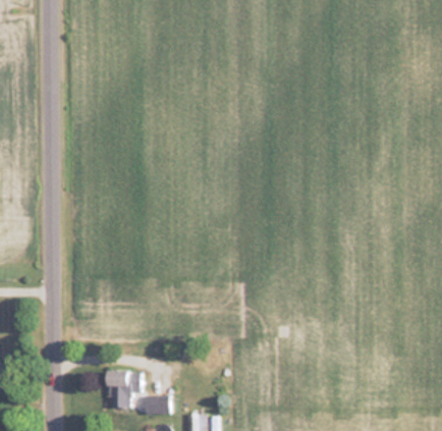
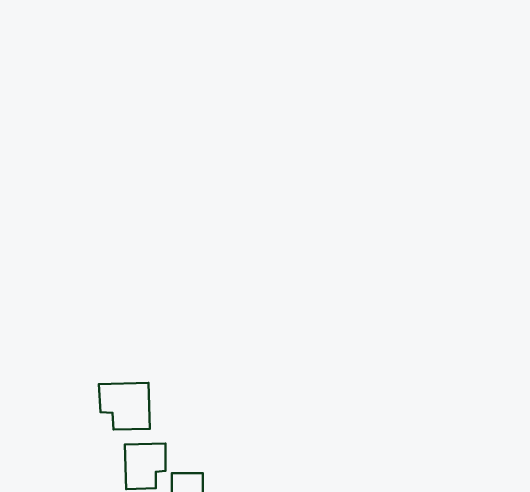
building: none -> [99,383,150,429]

